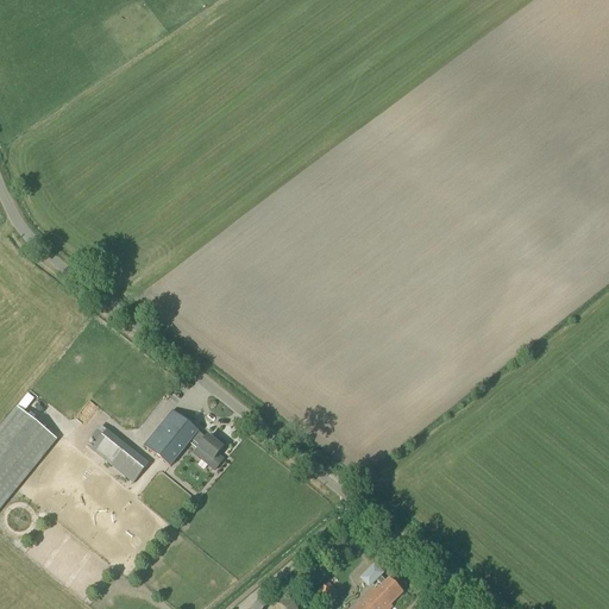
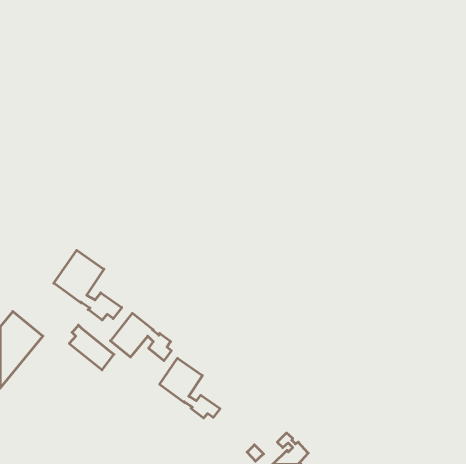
building: none -> [54,250,122,320]
building: none -> [160,358,220,418]

